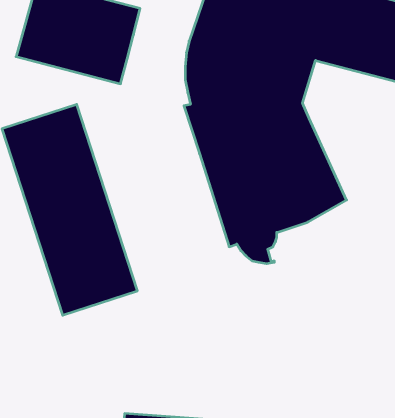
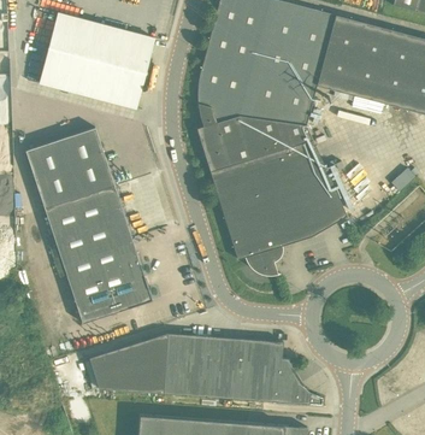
building: none -> [89,333,321,405]

